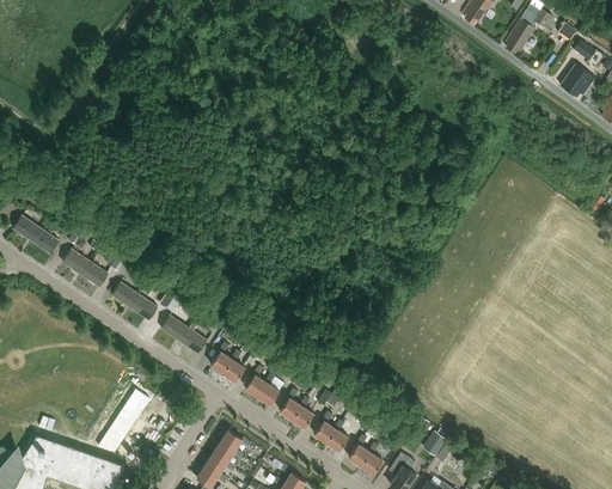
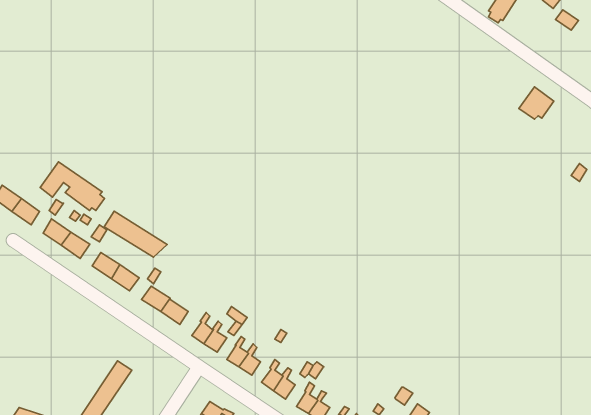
building: [559,65,594,97] -> [519,87,554,119]
building: none -> [40,162,104,210]
building: none -> [104,211,167,257]

